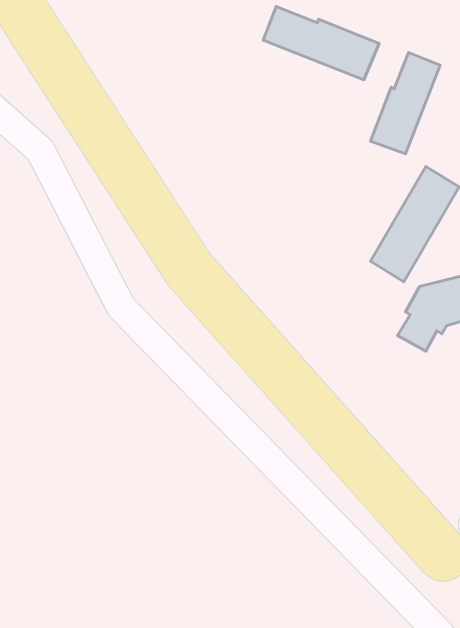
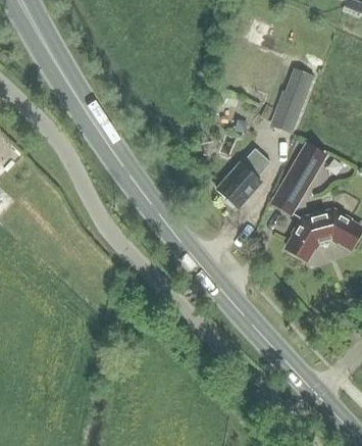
building: [263,7,379,80] -> none
building: none -> [217,149,271,208]

